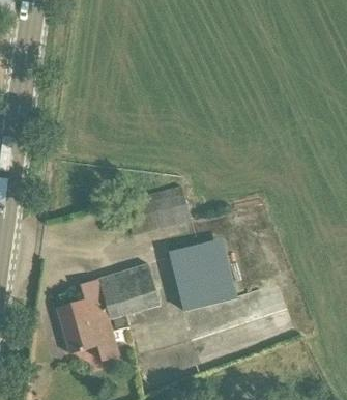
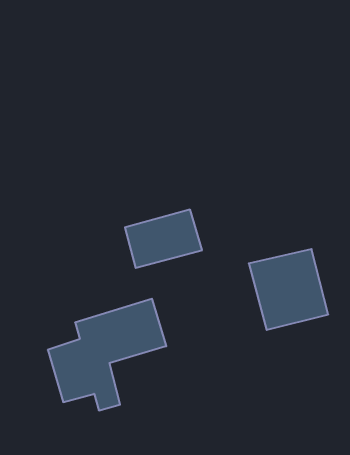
building: [168,239,237,310] -> [249,249,328,330]

